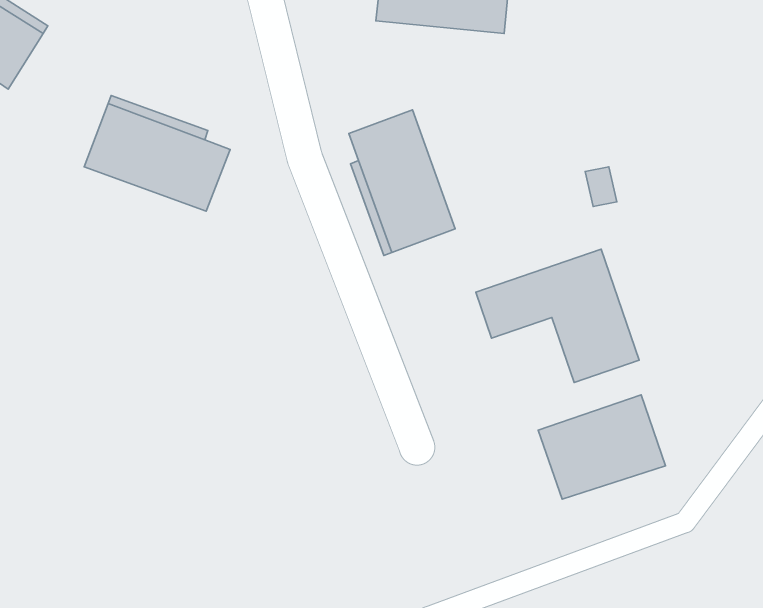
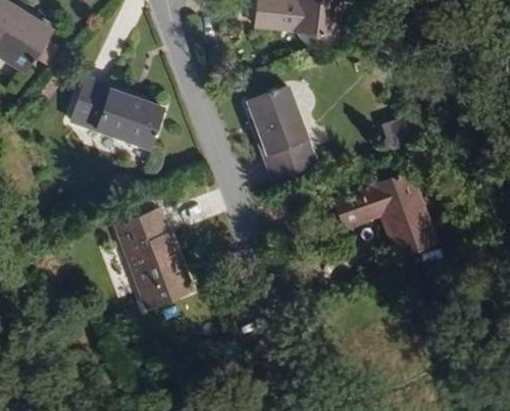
building: none -> [118,205,194,305]
building: [538,395,665,499] -> none

